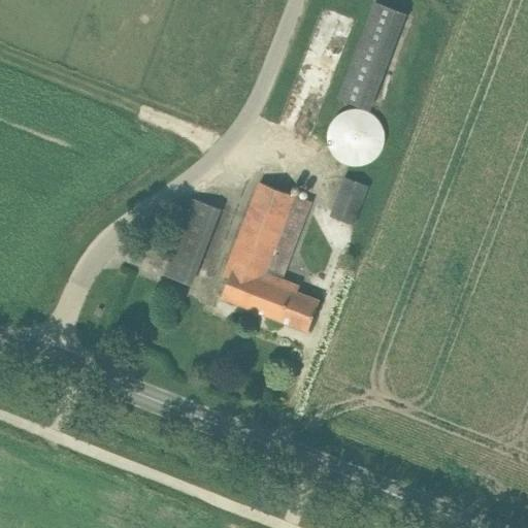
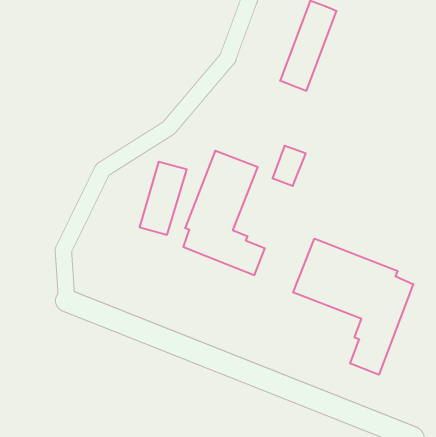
building: [326,109,384,166] -> none
building: none -> [293,239,413,375]

